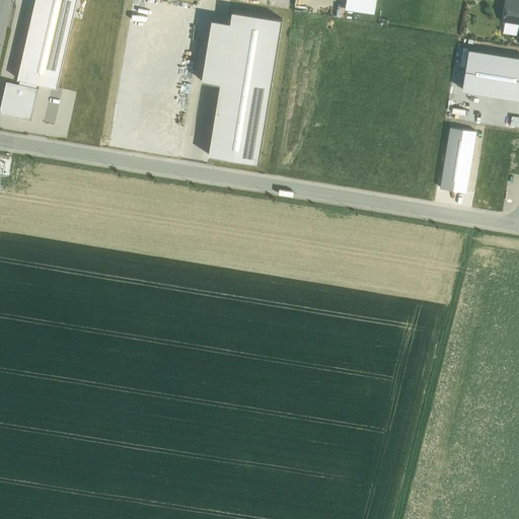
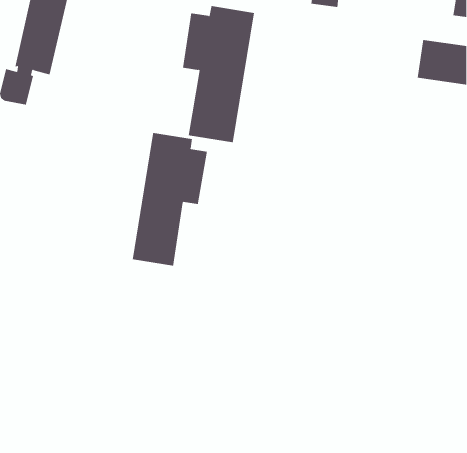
building: [438,128,474,194] -> none
building: none -> [132,132,208,267]

